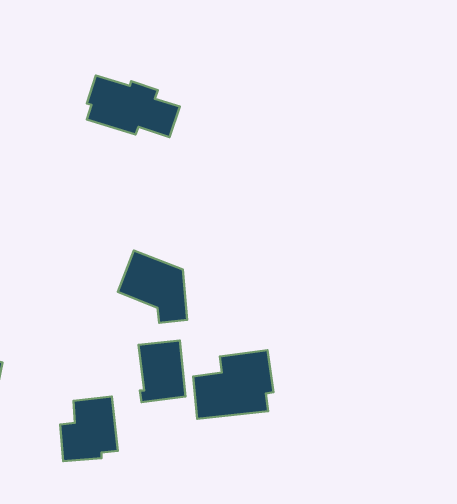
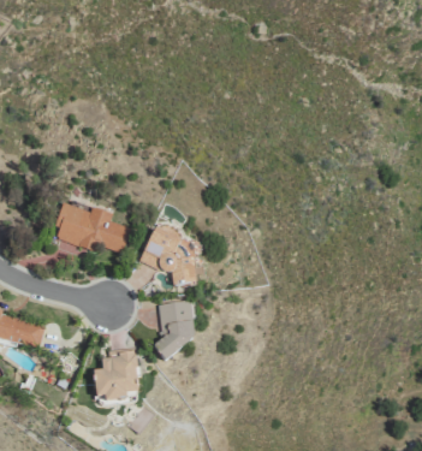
building: [87,75,180,137] -> [54,202,130,253]
building: [193,350,273,419] -> none

